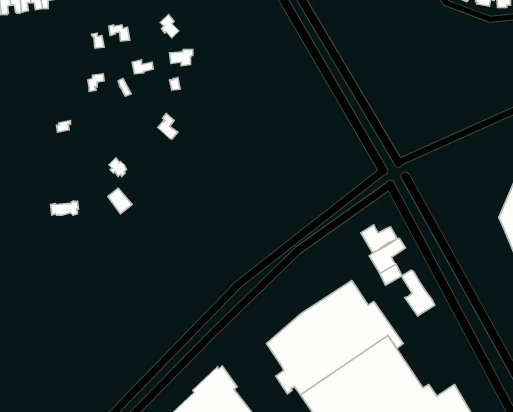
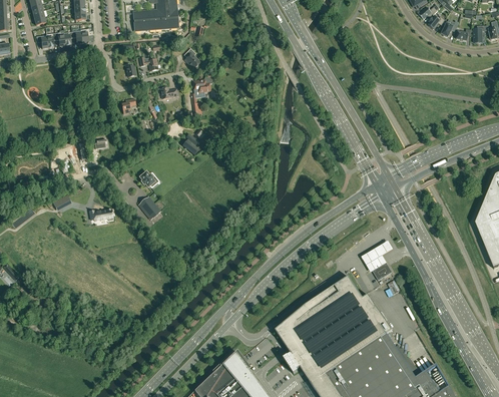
building: [361,225,397,253] -> none
building: [402,270,435,316] -> none

